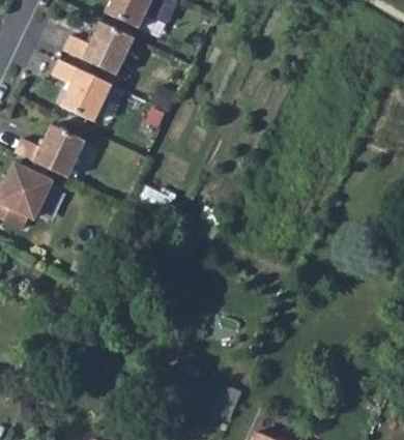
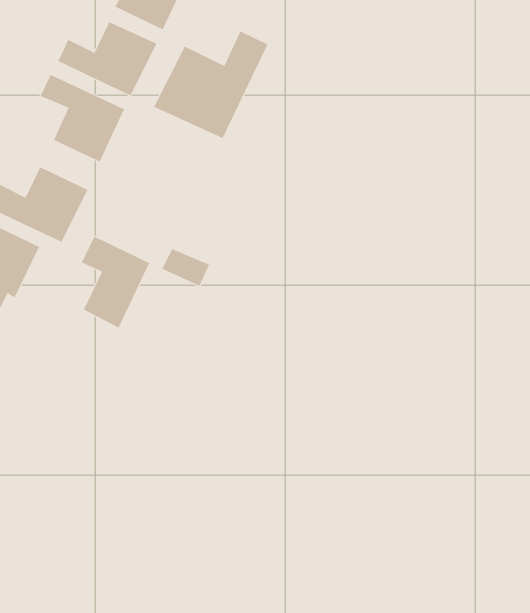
building: none -> [154,30,268,139]
building: none -> [81,236,150,329]

